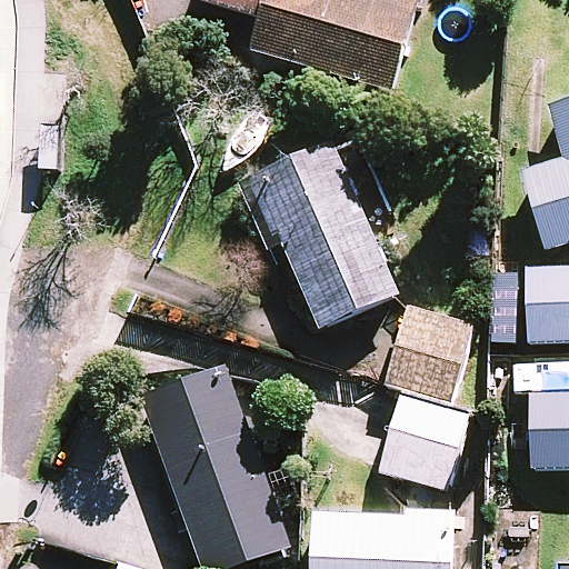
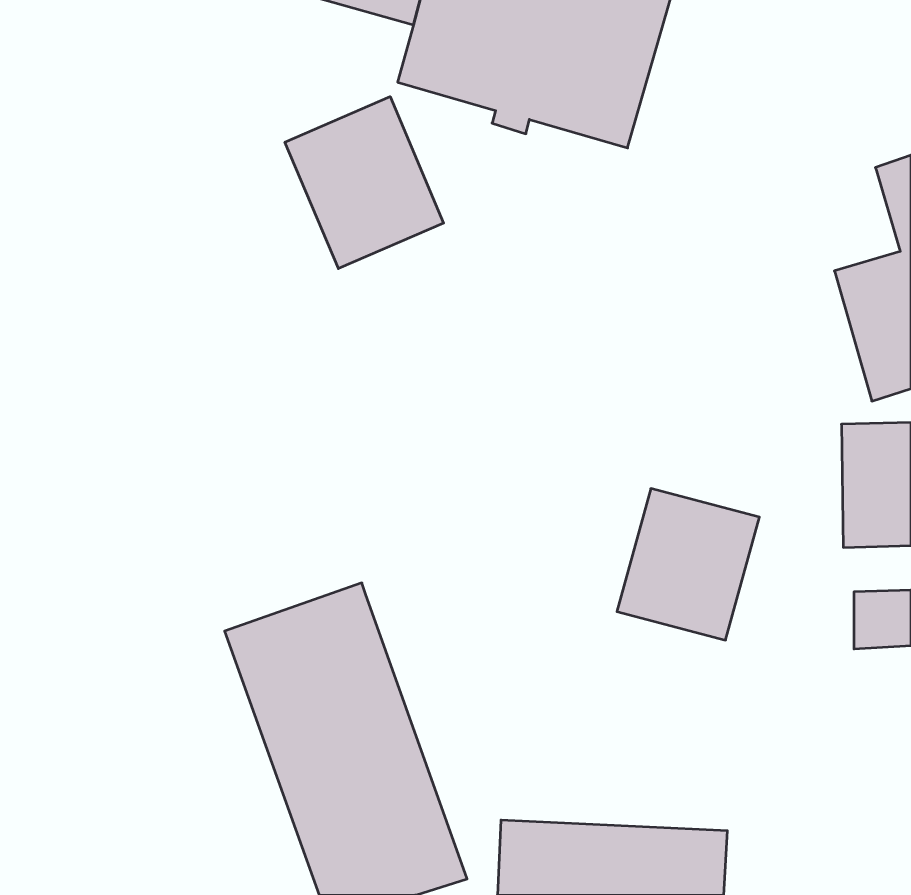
building: none -> [285,97,444,269]
building: [244,143,398,330] -> none
building: [378,395,469,490] -> none

